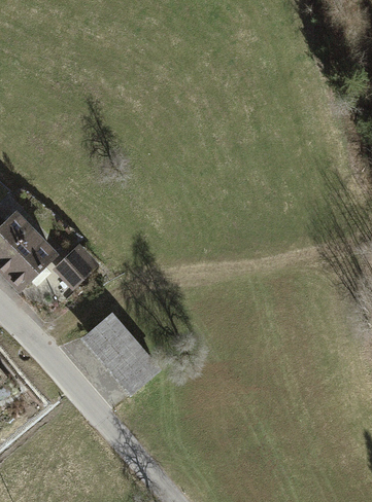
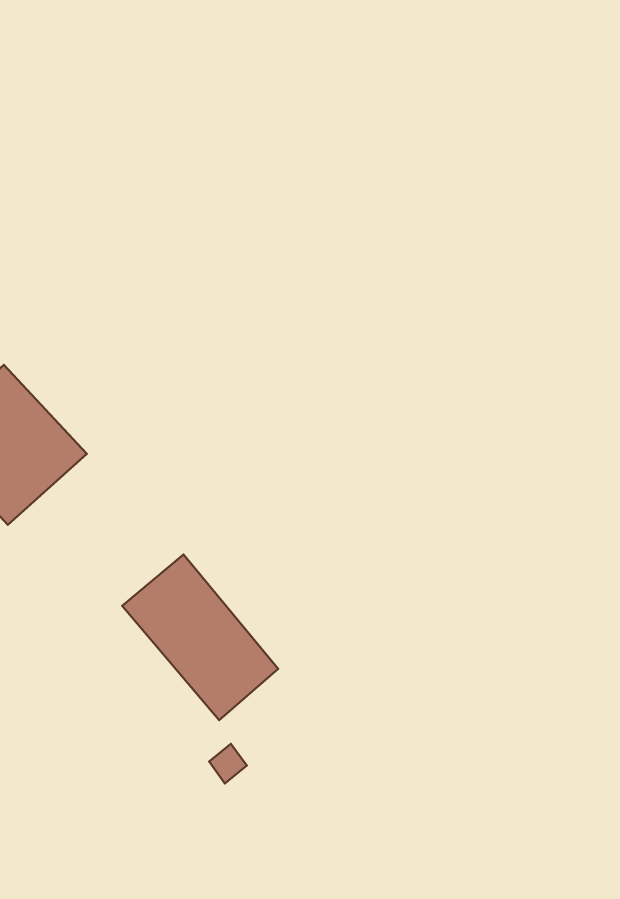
building: [53,242,99,288] -> none

